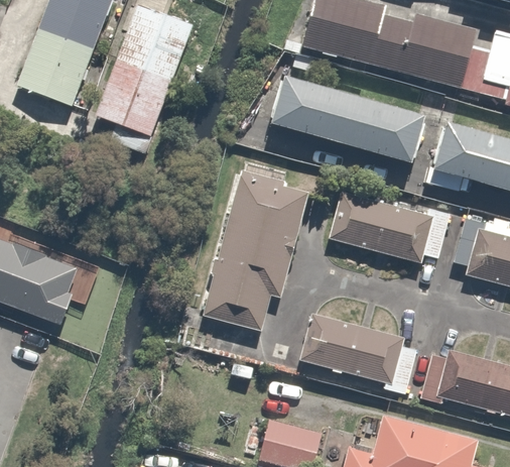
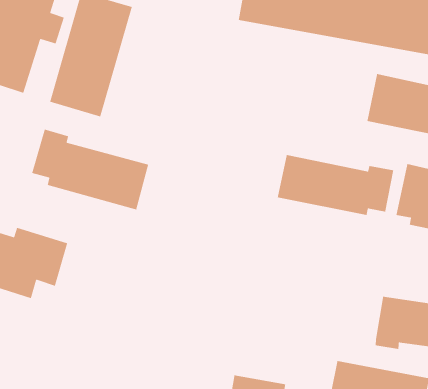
building: [272,75,433,162] -> none
building: none -> [31,129,149,210]
building: [201,178,307,336] -> none
building: [299,316,419,400] -> none

